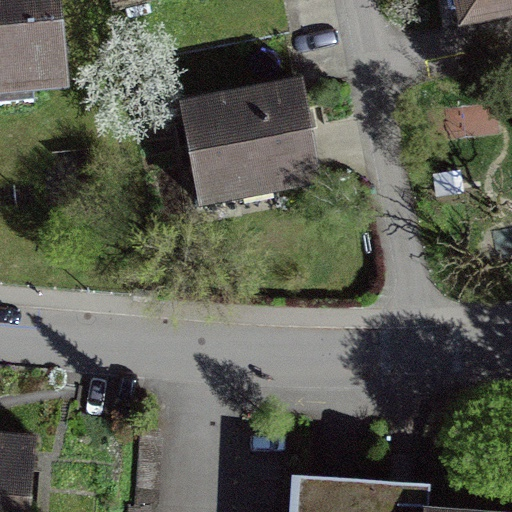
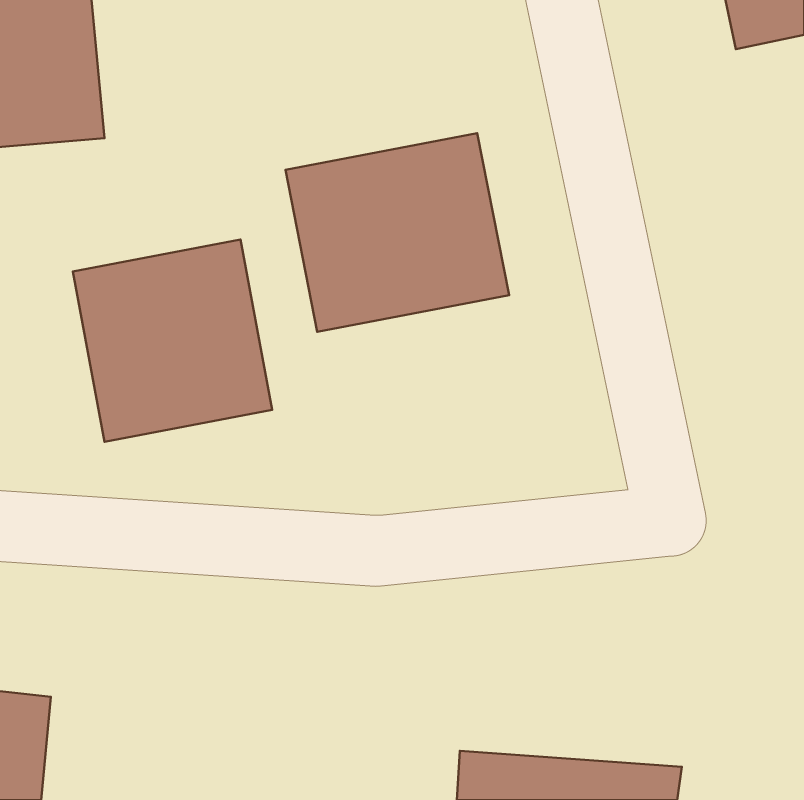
building: none -> [73,239,272,442]

